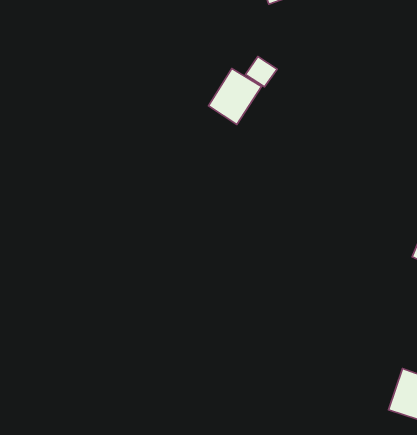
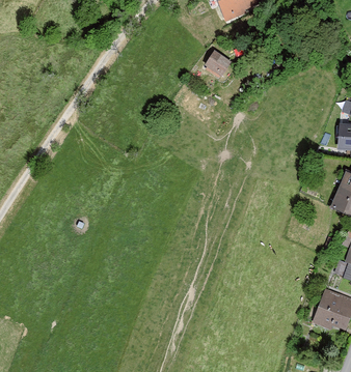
building: [208,68,262,125] -> none

